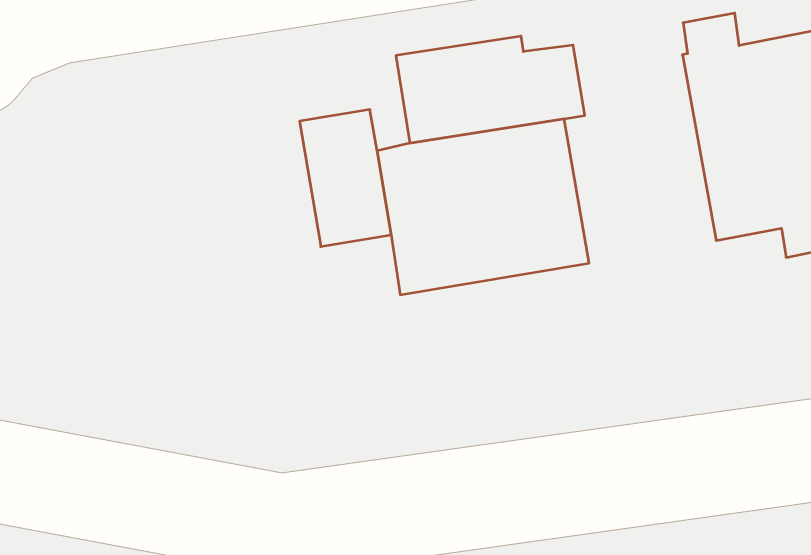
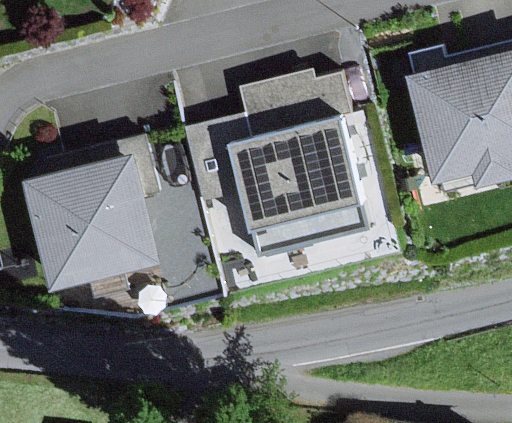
building: none -> [26,158,161,292]

